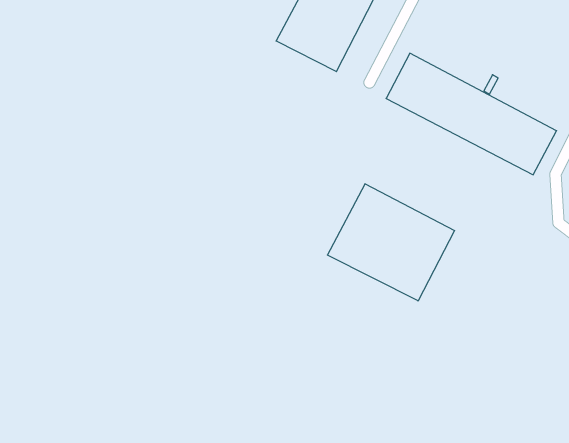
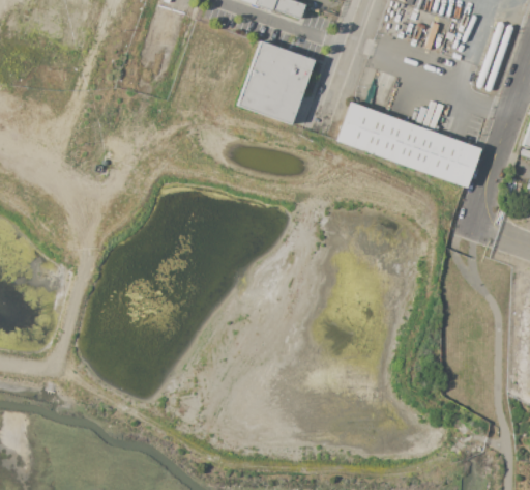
building: [327,184,455,301] -> none

